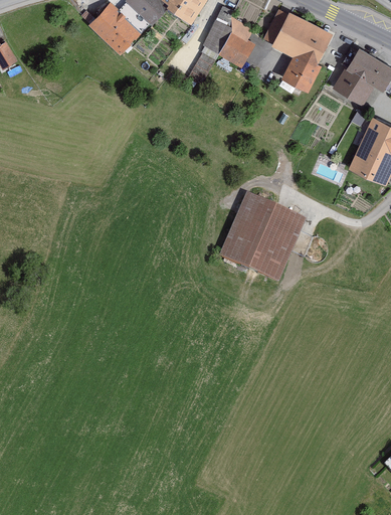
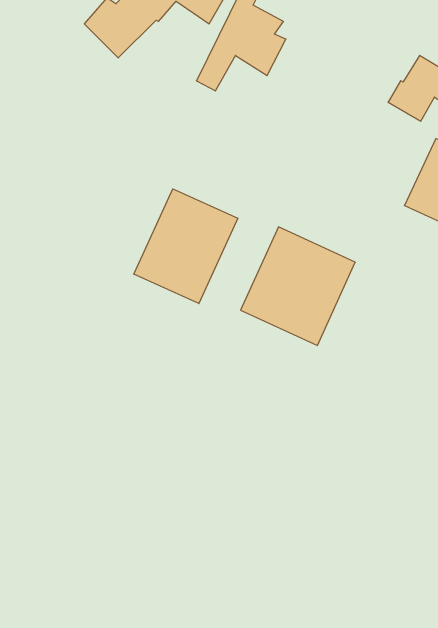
building: [265,10,330,90] -> none
building: none -> [134,189,238,304]

